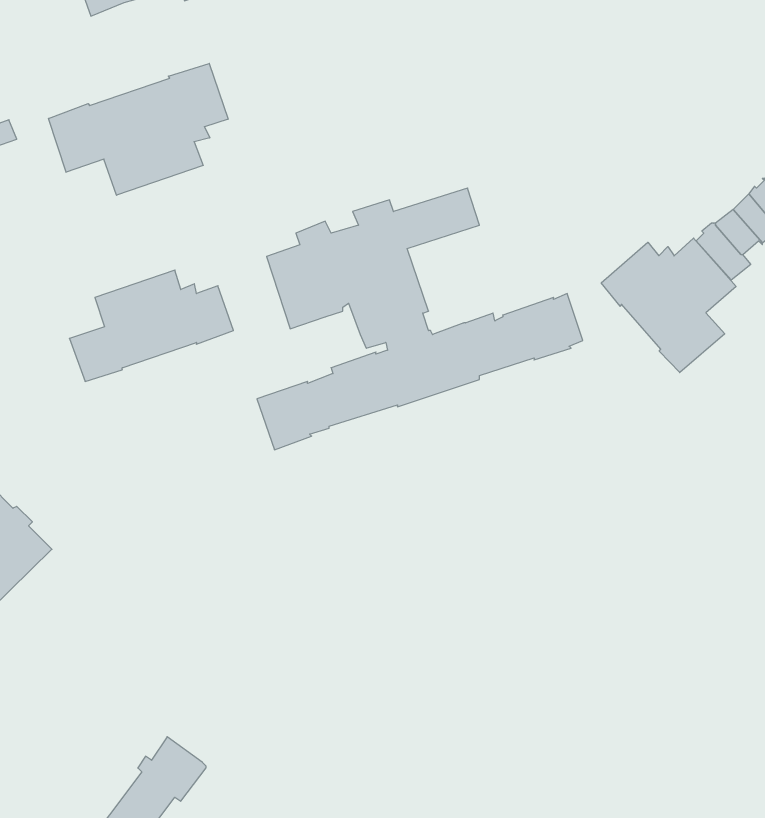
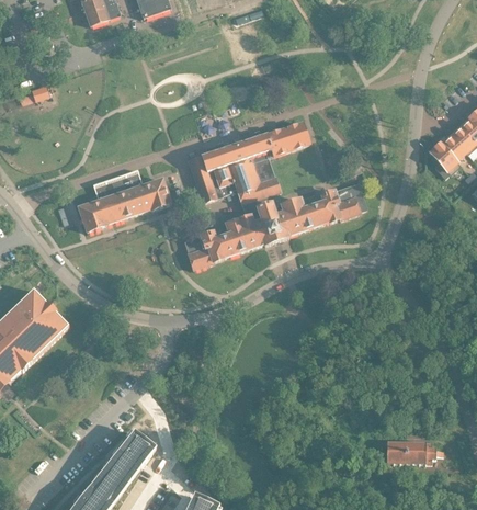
building: [49,63,228,195] -> none
building: [601,238,736,373] -> none
building: none -> [386,442,435,464]

